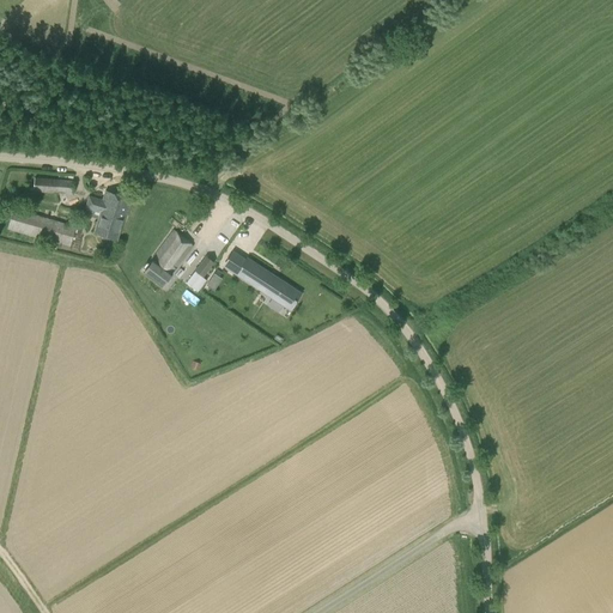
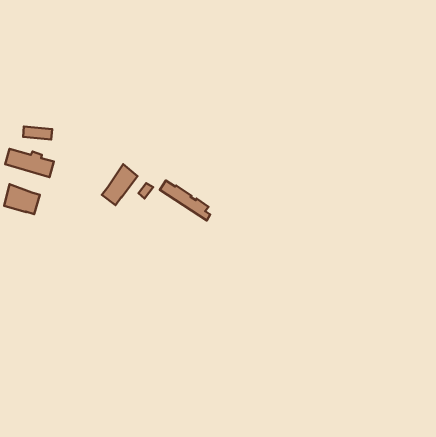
building: [86,190,133,239] -> none
building: none -> [4,184,40,214]

